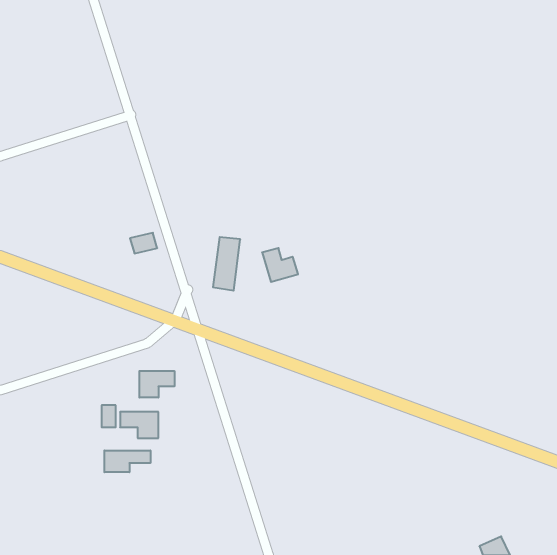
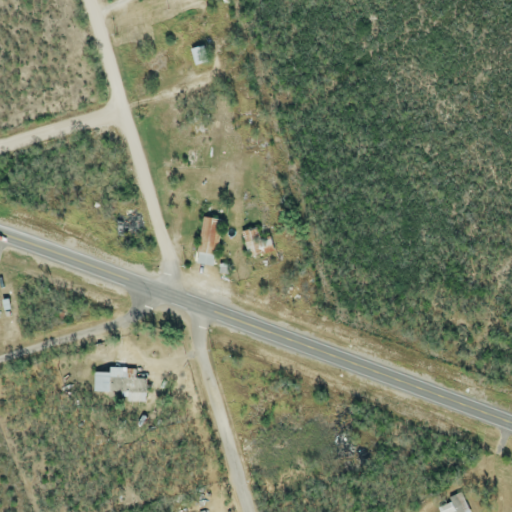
building: [139,371,174,398] -> none
building: [104,450,150,472] -> none

